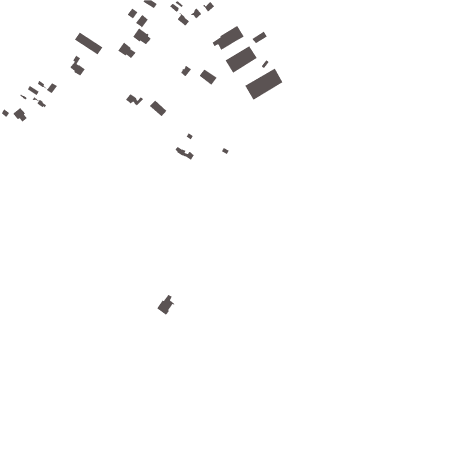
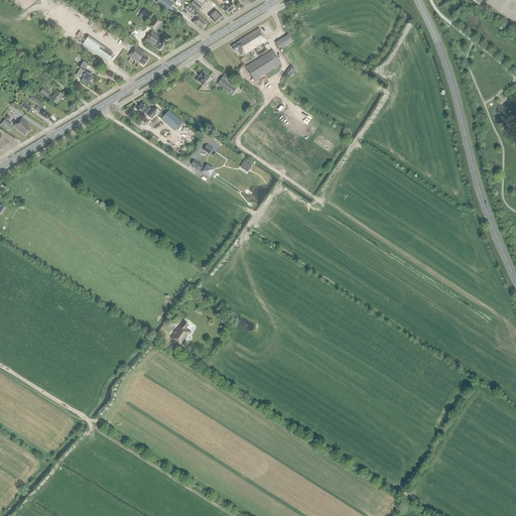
building: [244,68,284,101] -> none

